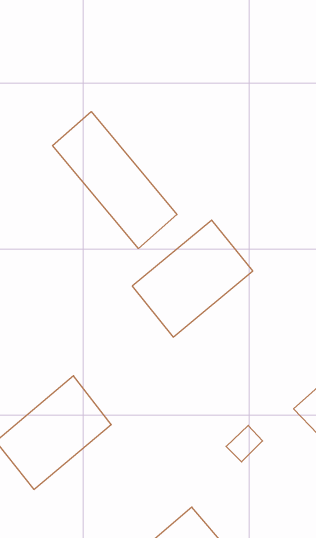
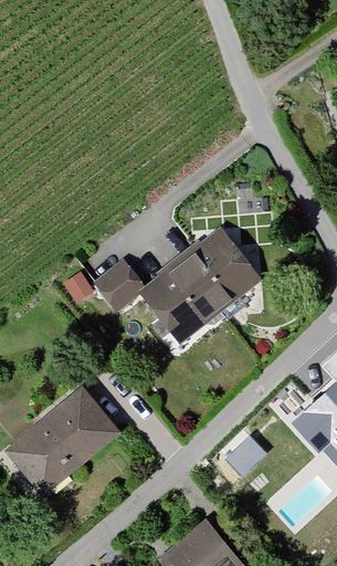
building: [53,112,177,248] -> none
building: none -> [94,261,144,310]

